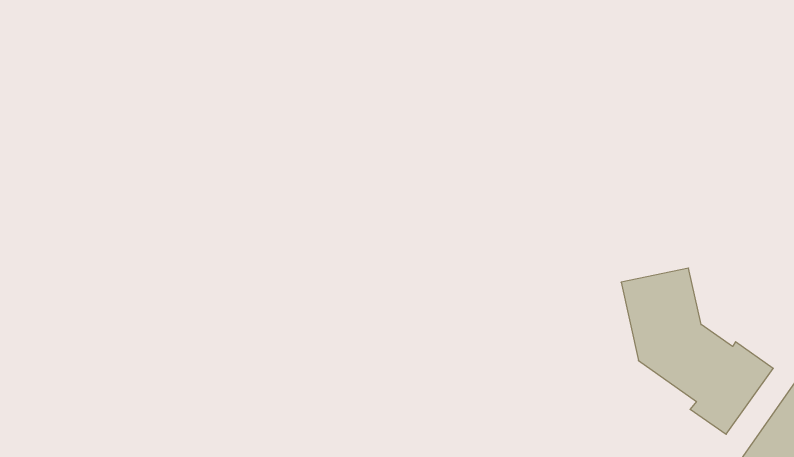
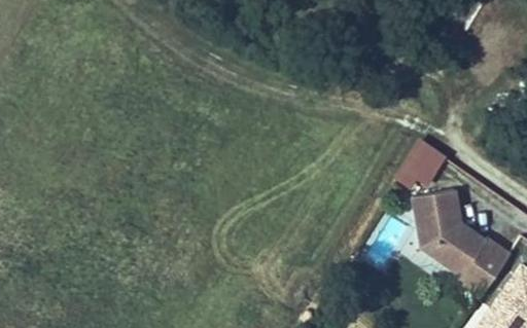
building: none -> [396,142,443,188]

